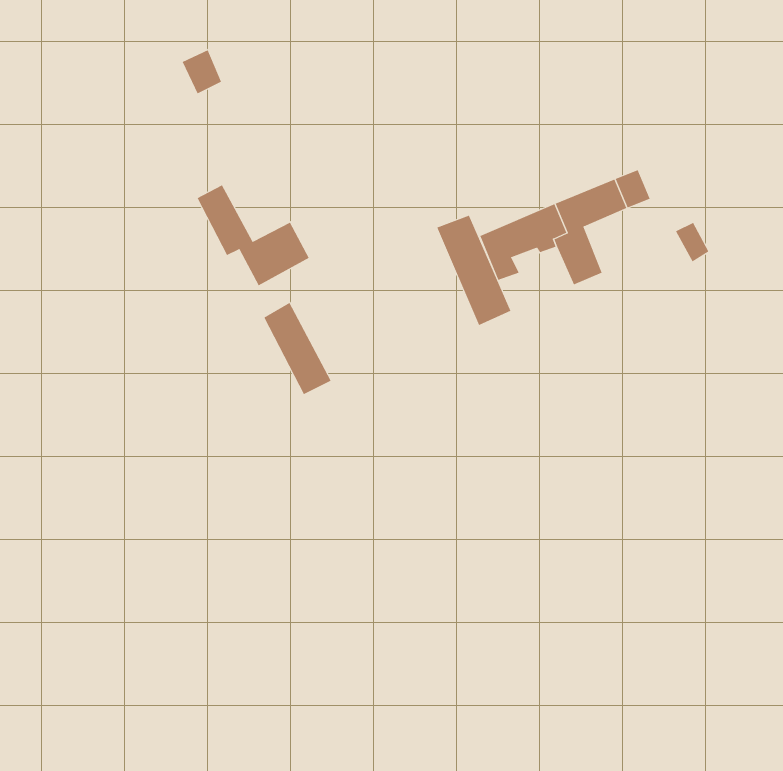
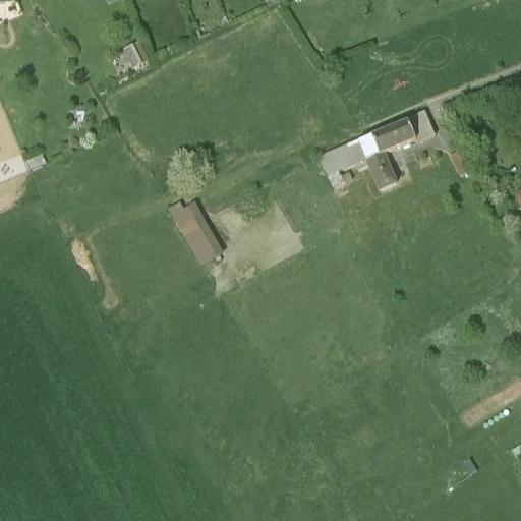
building: [197,184,310,286] -> none
building: [436,215,511,326] -> none

